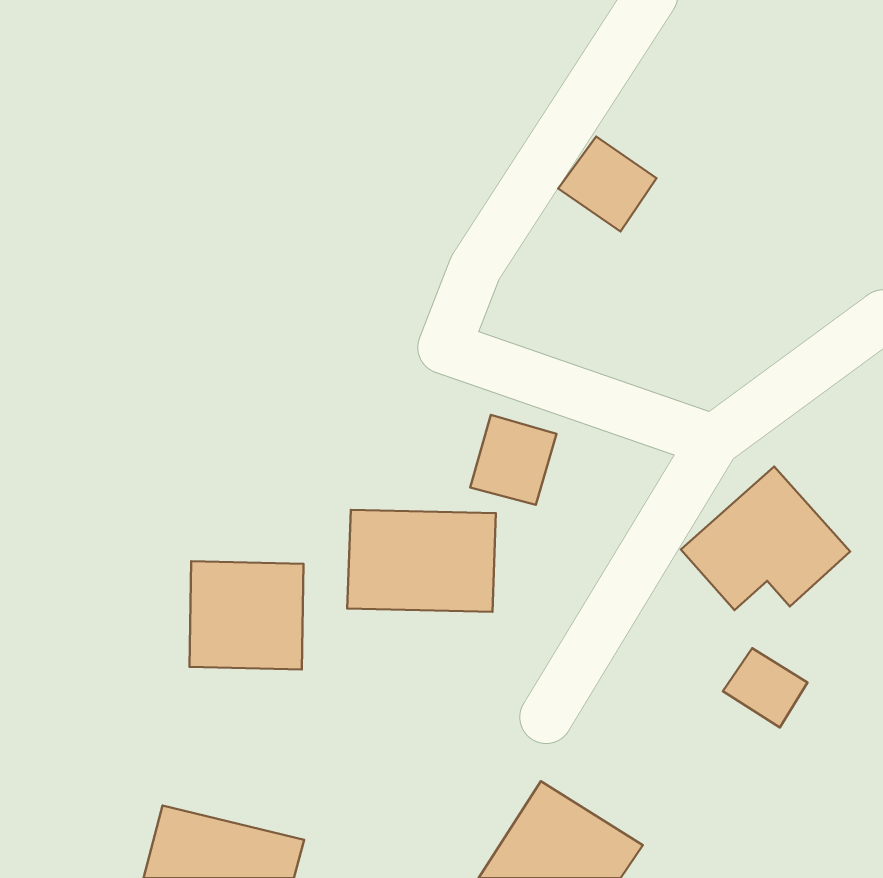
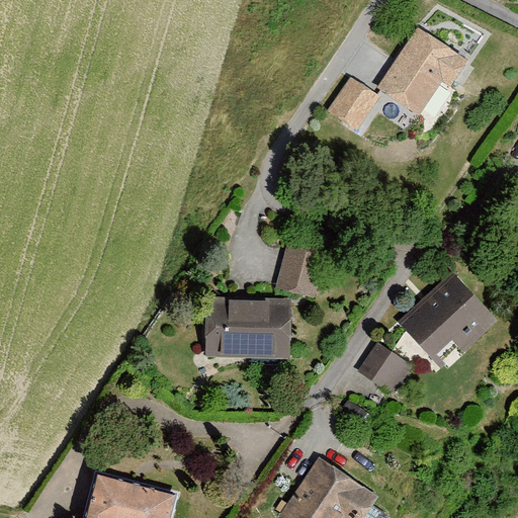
building: none -> [376,31,466,118]
building: [190,561,303,670] -> none
building: [723,648,808,728] -> [358,346,408,393]

